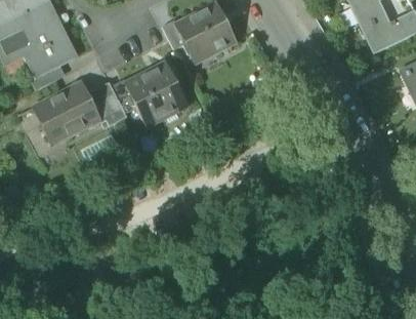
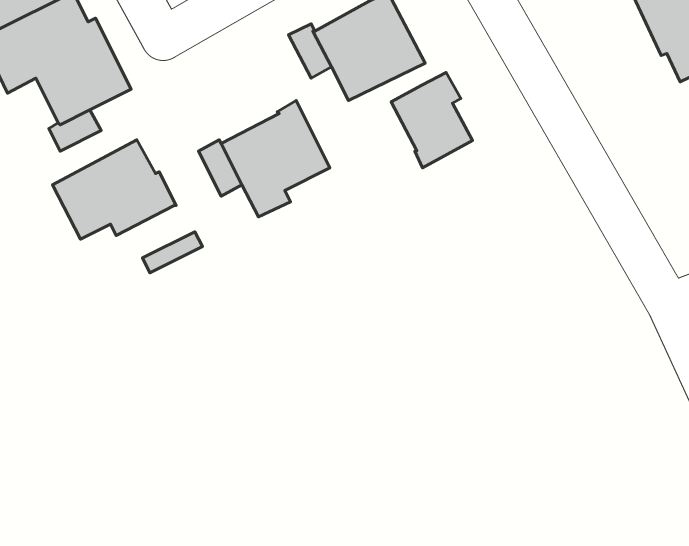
building: none -> [391,73,473,168]
building: [91,89,127,128] -> none

